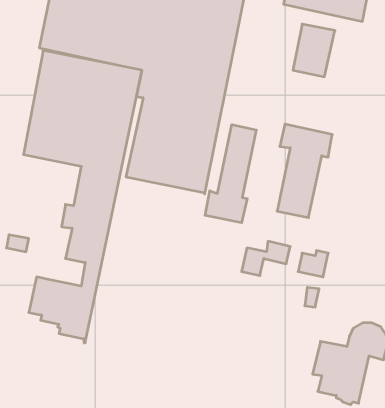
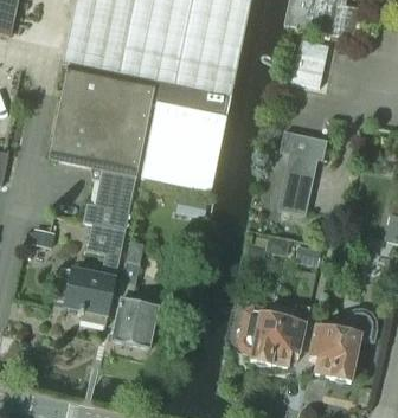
building: [205,125,256,223] -> none
building: none -> [111,239,158,346]
building: none -> [238,302,308,365]

